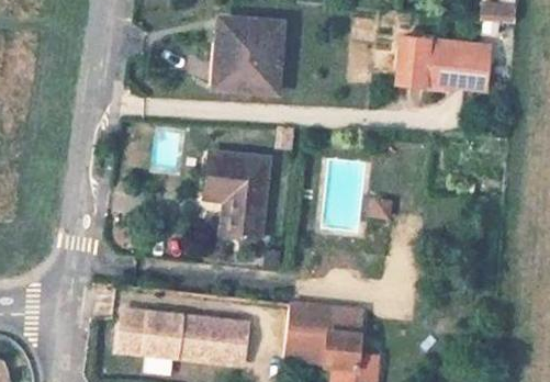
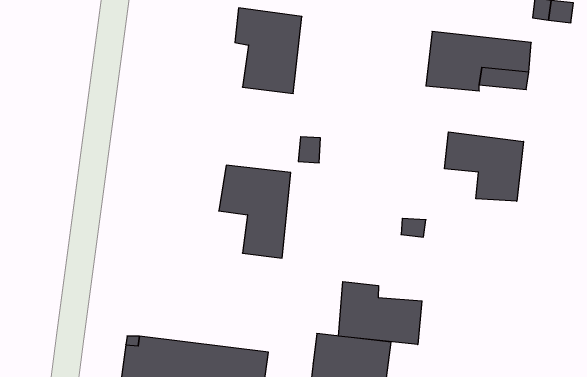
building: none -> [445,132,523,201]
building: none -> [339,282,422,345]

